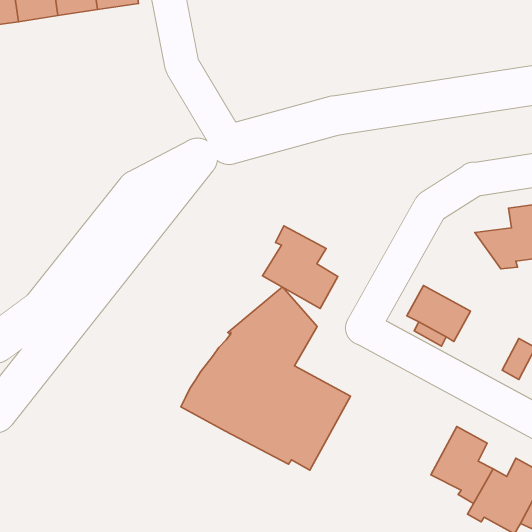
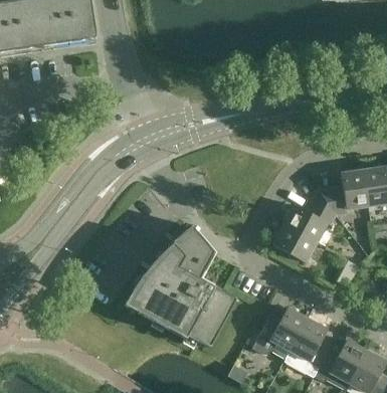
building: [263,226,338,308] -> none
building: none -> [284,189,336,241]
building: none -> [244,307,307,358]

